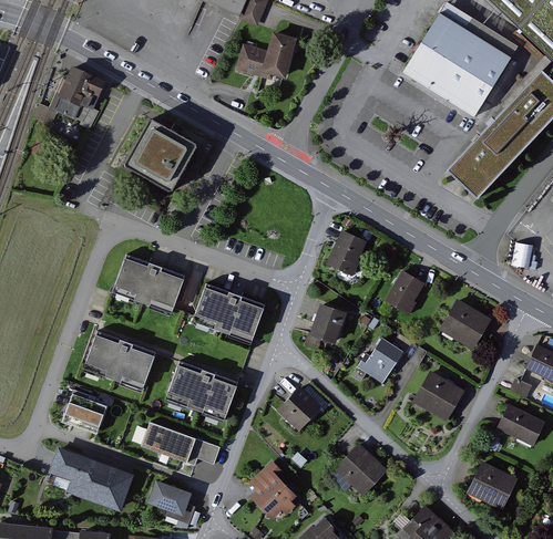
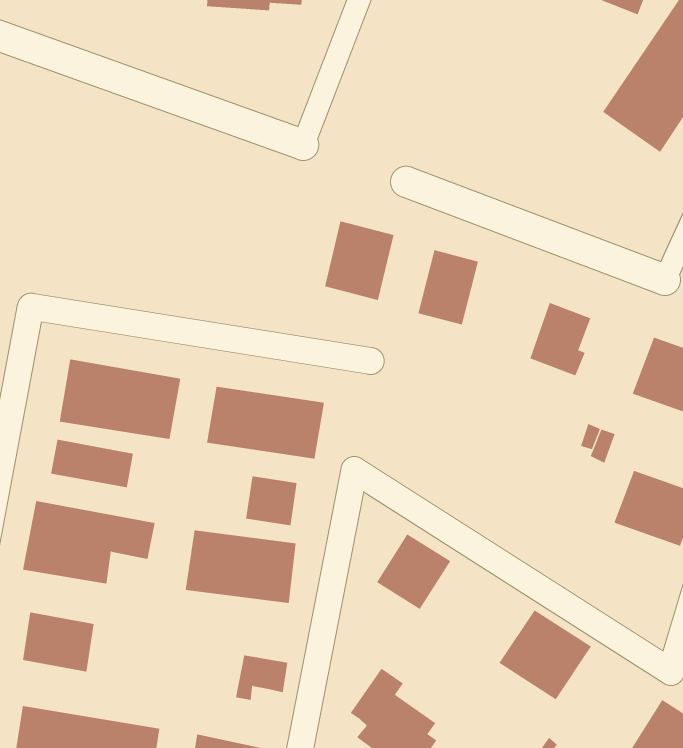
building: [125,121,192,189] -> none
building: none -> [324,221,394,301]
building: none -> [51,439,134,488]
building: [315,305,350,344] -> none
building: [349,339,401,383] -> none
building: none -> [246,475,297,526]
building: [140,424,193,463] -> none

